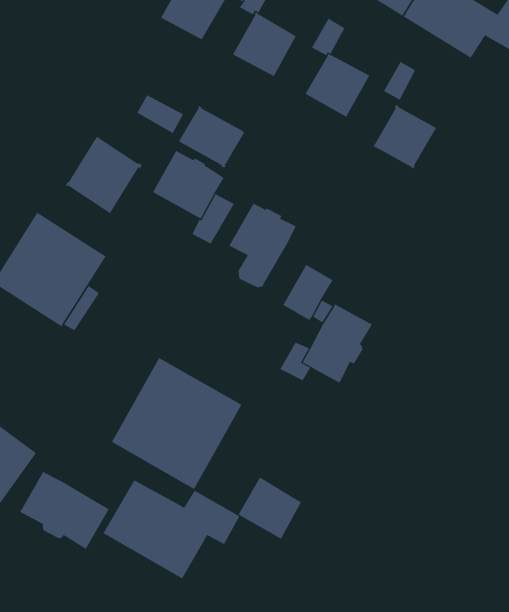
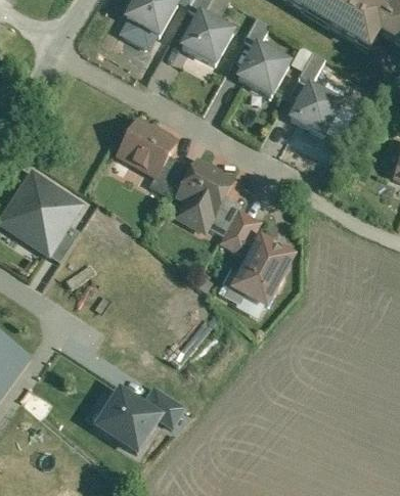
building: [136,95,184,134] -> [120,17,157,48]
building: [178,105,245,168] -> none
building: [65,136,142,214] -> none
building: none -> [207,193,241,235]
building: [111,357,242,490] -> none
building: [20,471,109,550] -> none
building: [238,477,302,540] -> none

